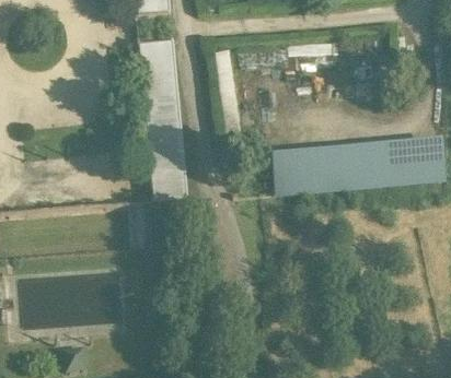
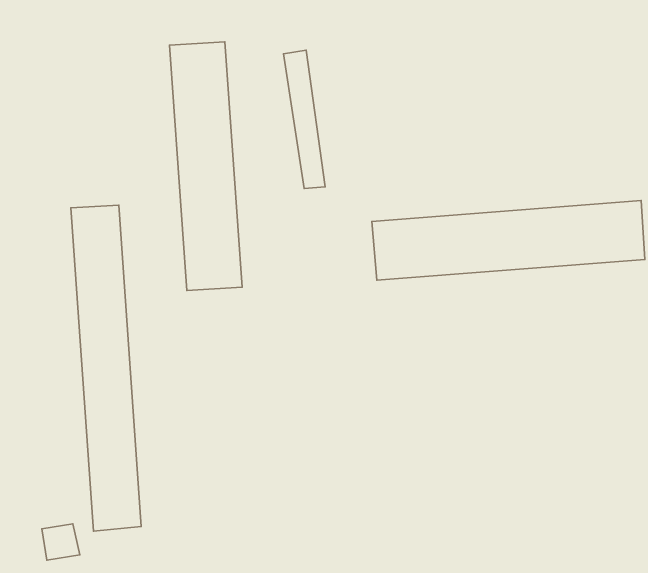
building: none -> [71,205,141,531]

